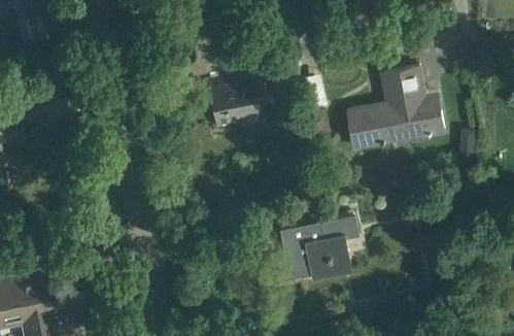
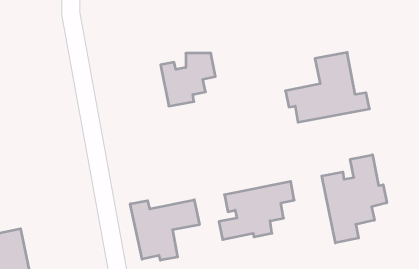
building: none -> [322,155,387,243]
building: none -> [130,200,199,260]

